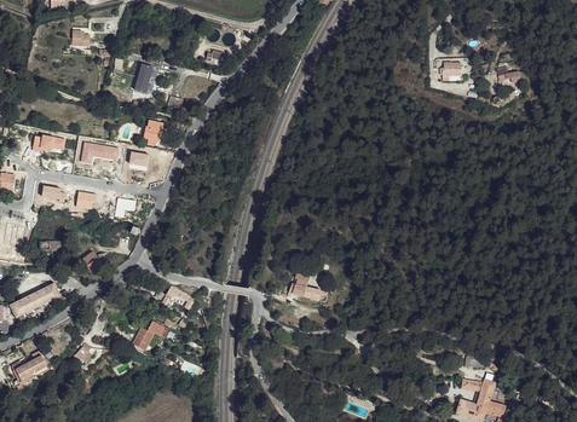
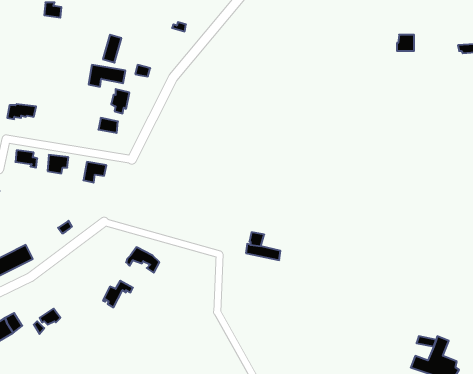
building: [80,140,119,163] -> [89,65,125,87]

